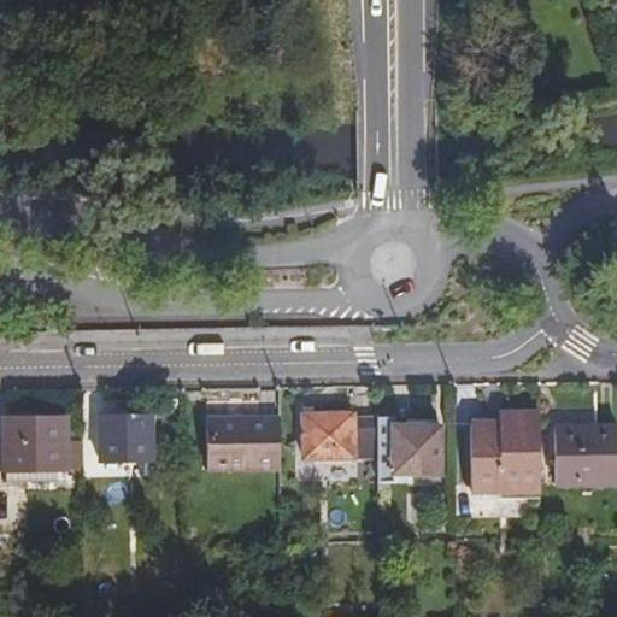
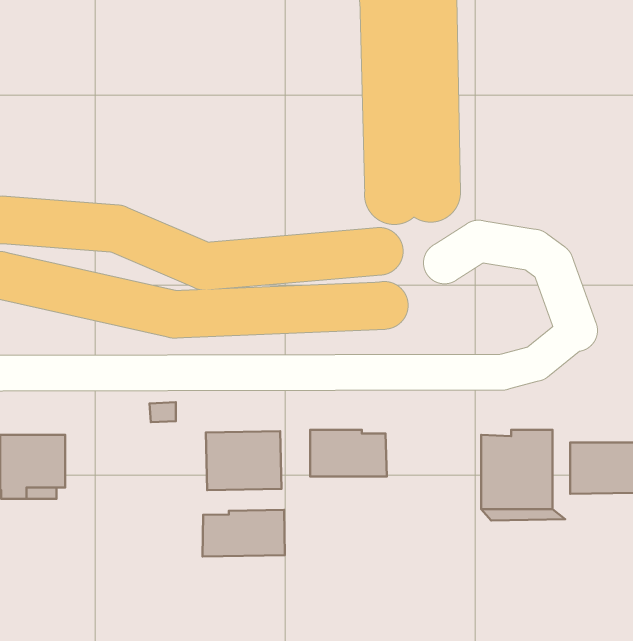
building: [378,411,441,477] -> none
building: [102,415,154,459] -> none
building: none -> [202,510,285,556]

